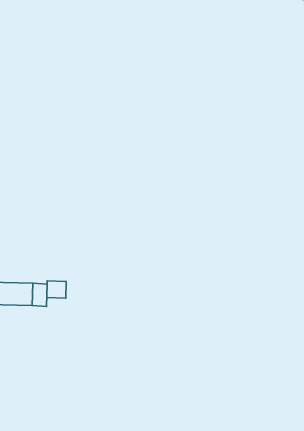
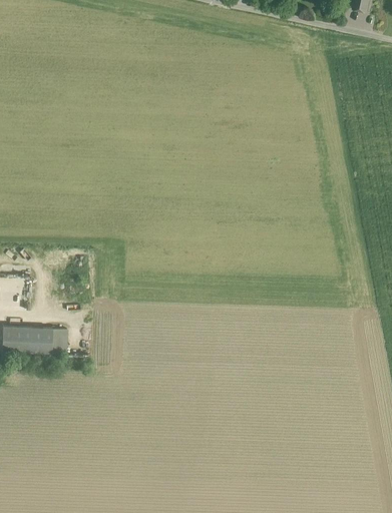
building: [47,281,66,298] -> none

